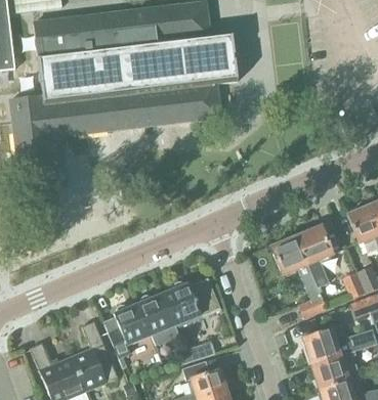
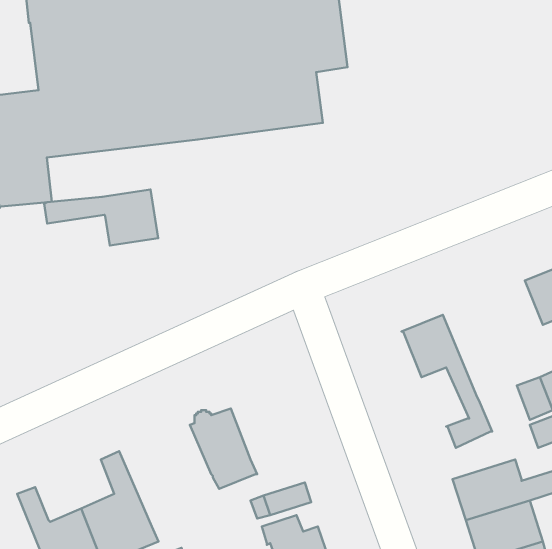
building: none -> [44,189,158,246]
building: [295,225,332,286] -> none
building: [163,279,219,325] -> none
building: [103,304,151,357] -> none

